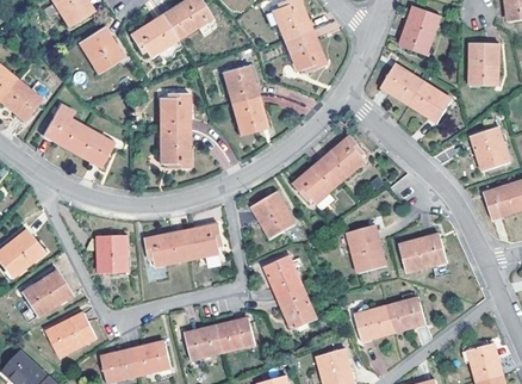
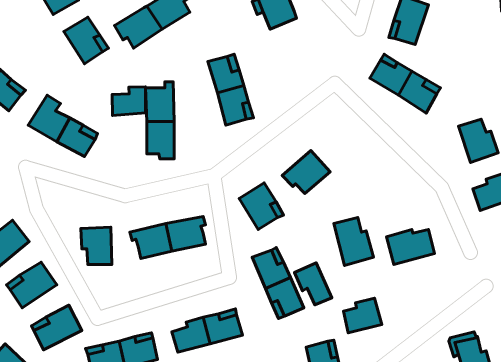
building: [284,27,325,69] -> none
building: [470,42,498,85] -> none
building: none -> [112,87,146,115]
building: [324,134,367,180] -> none
building: none -> [295,263,332,305]
building: [387,301,425,332] -> none

